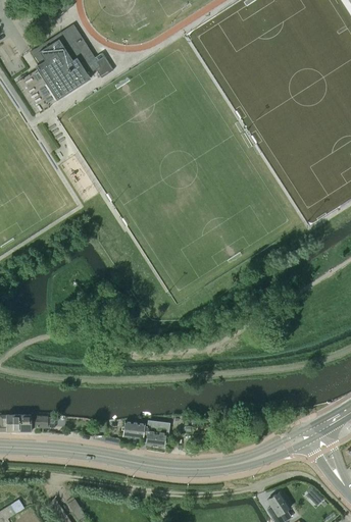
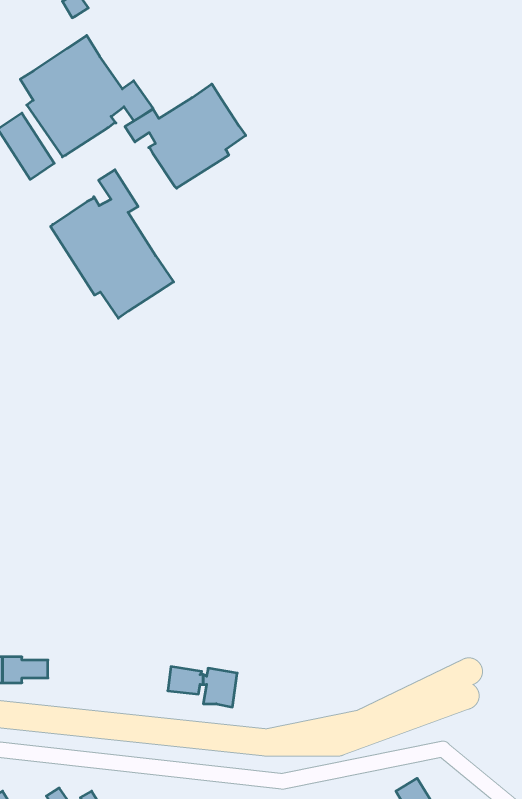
building: none -> [125,84,246,188]
building: none -> [51,170,174,318]

